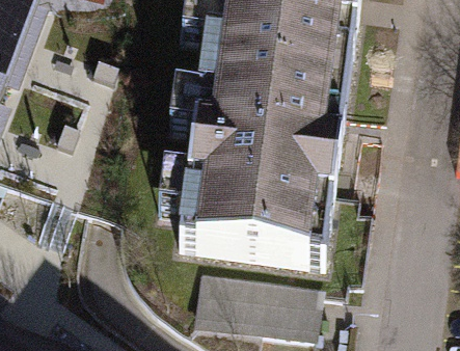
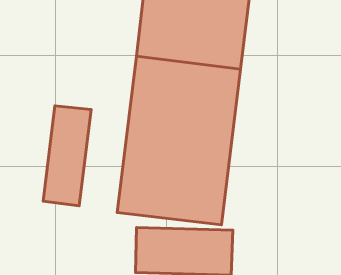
building: none -> [43,106,91,206]

